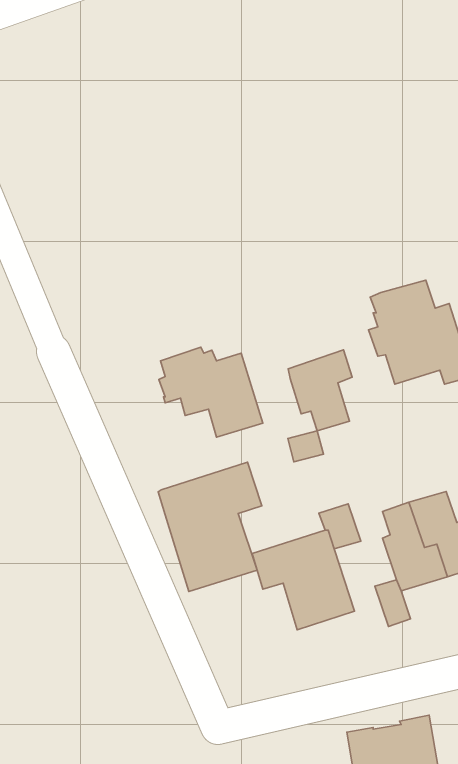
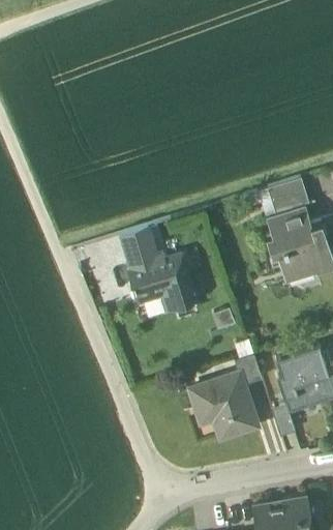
building: none -> [267,179,305,214]
building: none -> [120,226,155,260]
building: [288,350,352,431] -> none
building: [158,462,262,591] -> none

